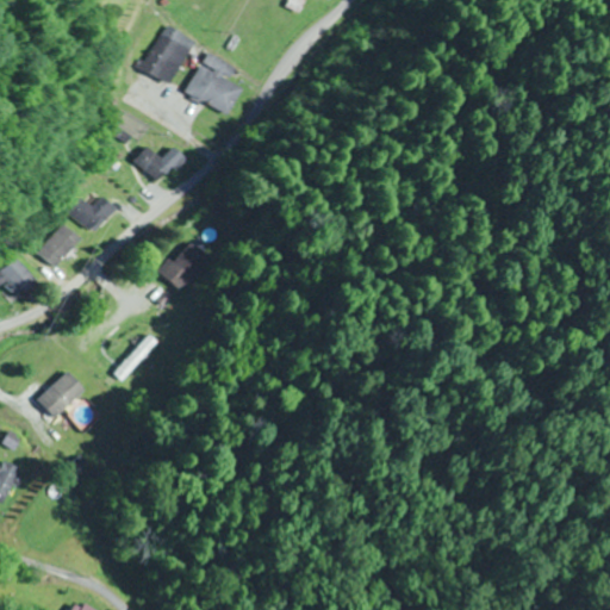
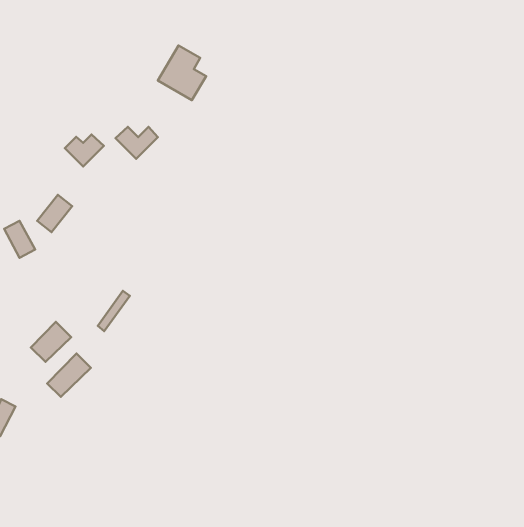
building: [142,25,194,83] -> none
building: [73,197,118,234] -> [65,135,104,167]
building: [154,242,203,291] -> none
building: none -> [47,354,91,397]

